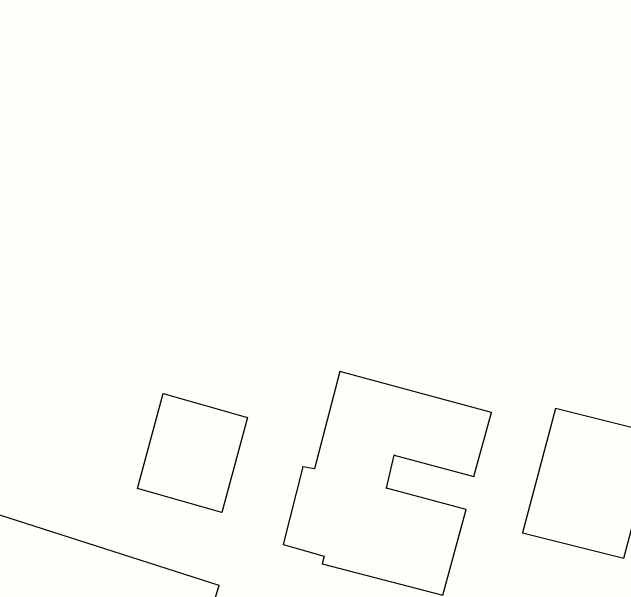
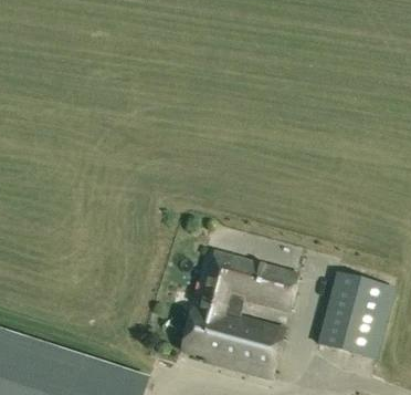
building: [138,394,247,512] -> none

